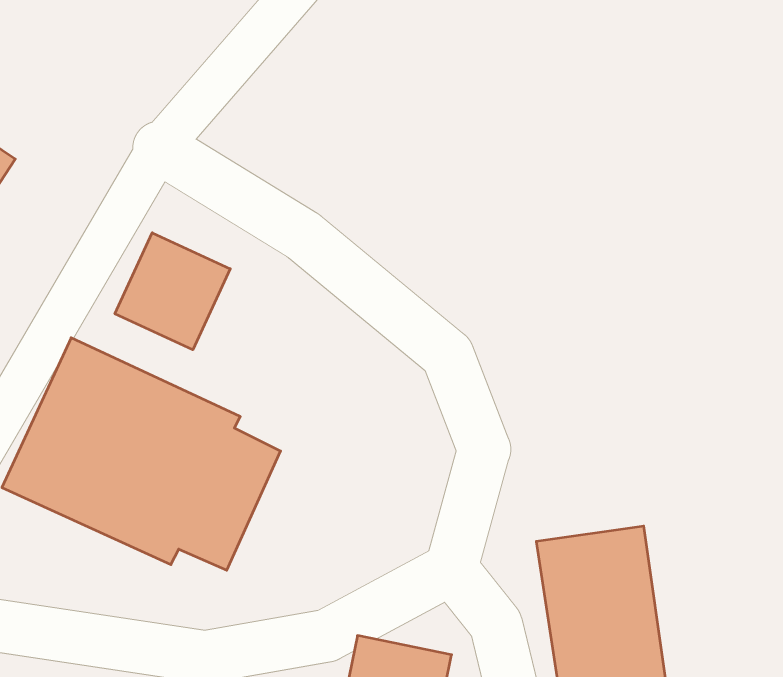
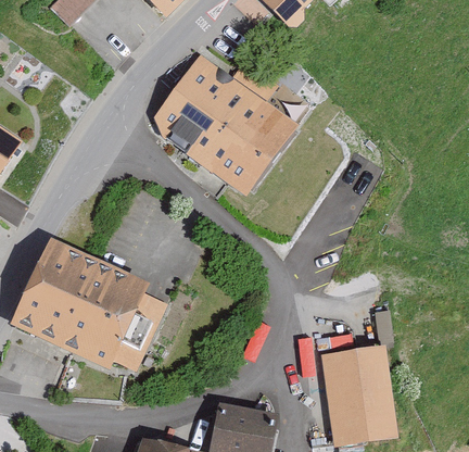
building: none -> [155,52,293,197]
building: [115,233,230,350] -> none

